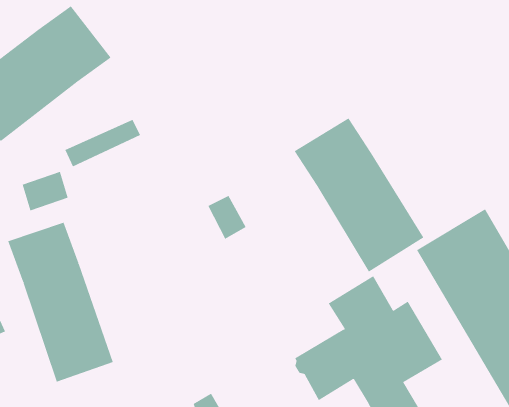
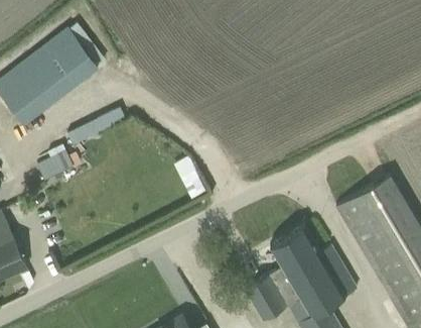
building: [294,118,424,272] -> none
building: [8,222,113,383] -> none

